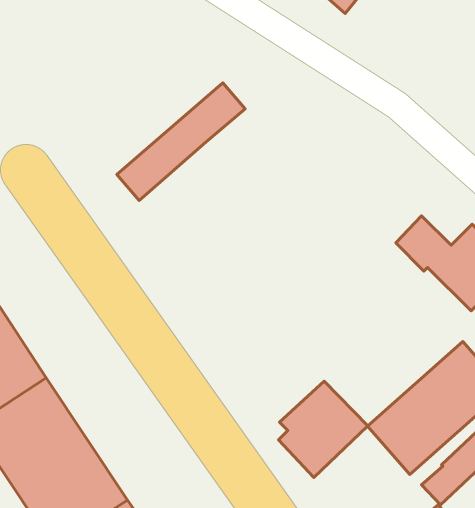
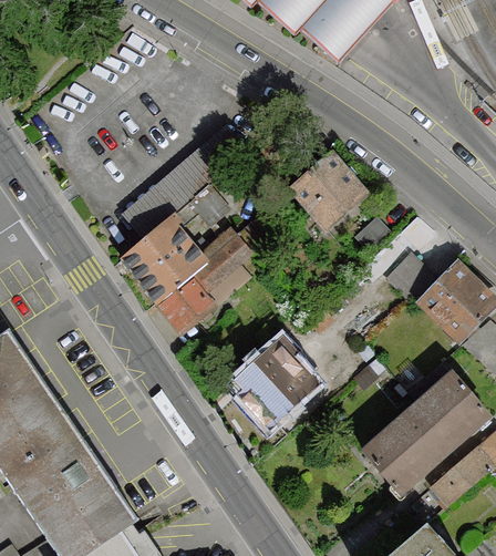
building: none -> [287,150,369,230]
building: none -> [118,182,266,332]
building: [278,381,368,478] -> [234,339,318,430]

